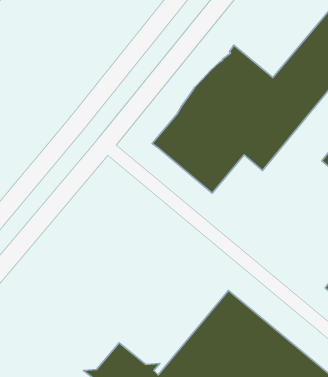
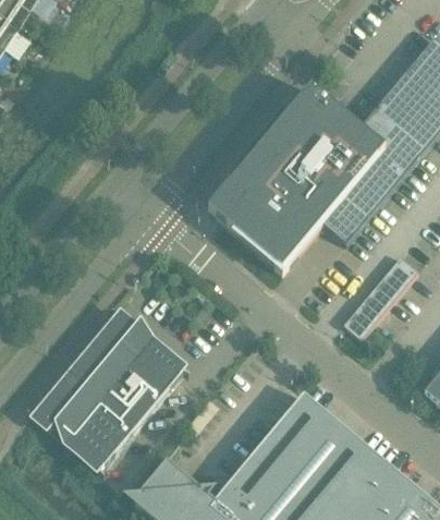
building: none -> [343,254,417,338]
building: none -> [26,307,188,474]

